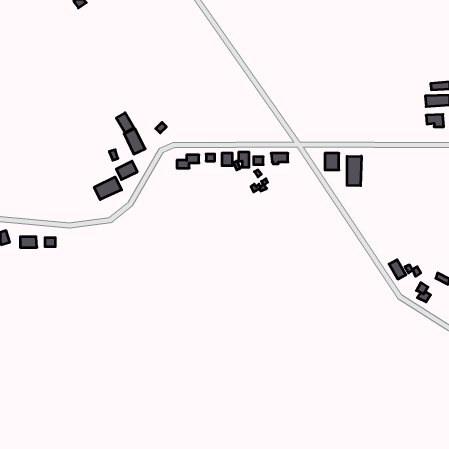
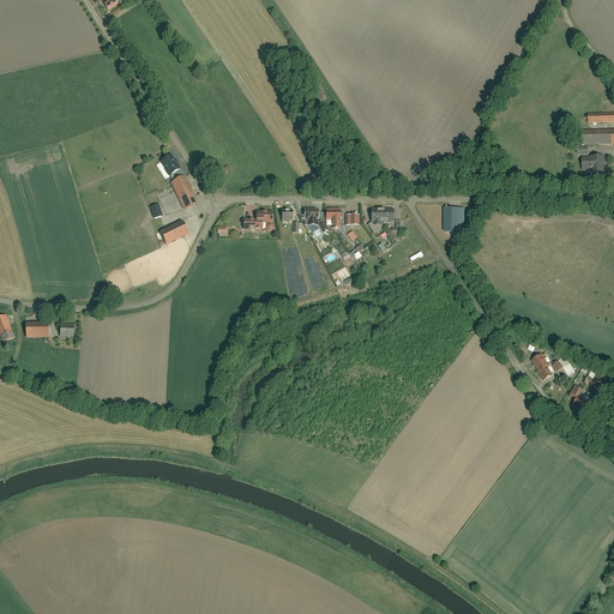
building: [347,156,361,186] -> none
building: [94,177,122,200] -> none

